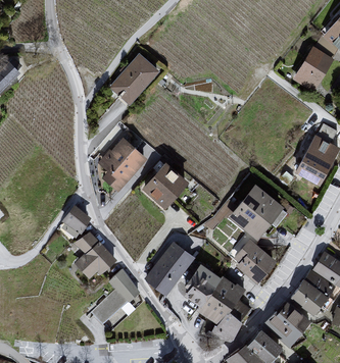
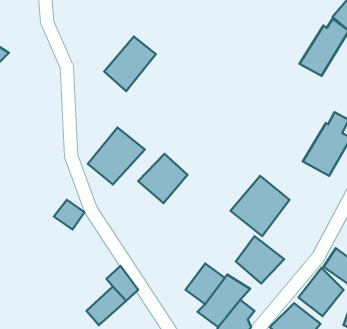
building: [74,234,116,280] -> none
building: [143,243,195,298] -> none

